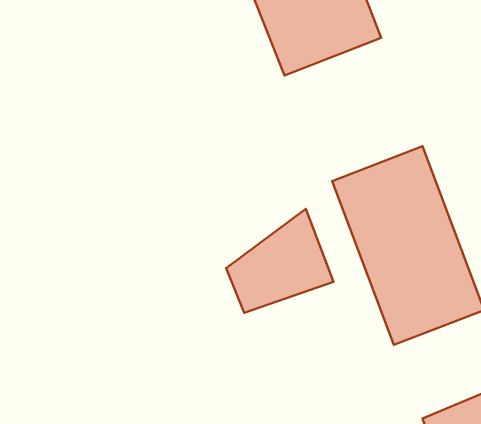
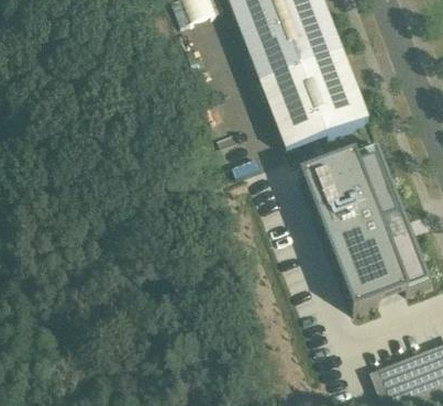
building: none -> [259,46,368,147]
building: [226,209,333,313] -> none

